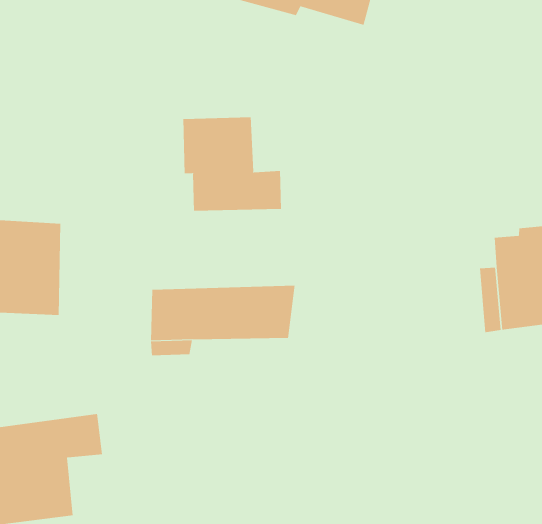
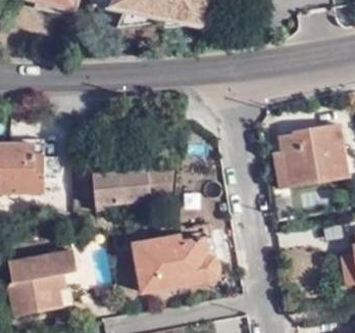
building: [183,117,282,211] -> none
building: none -> [136,231,219,292]

